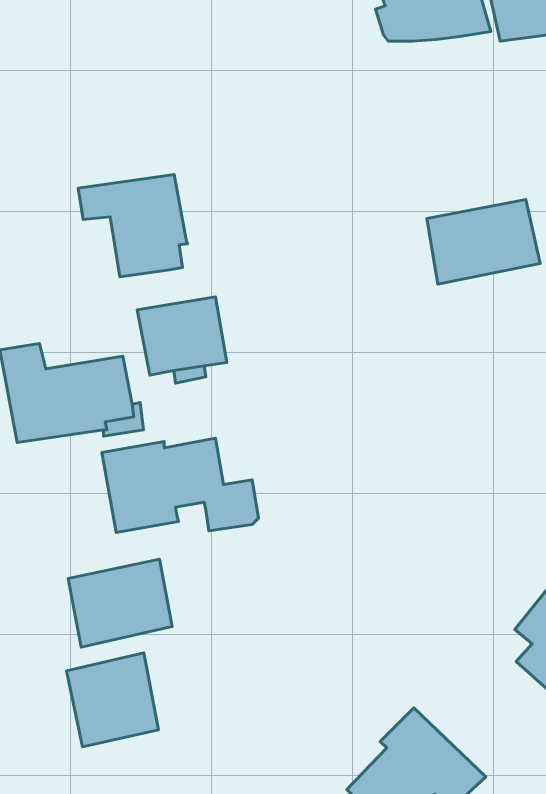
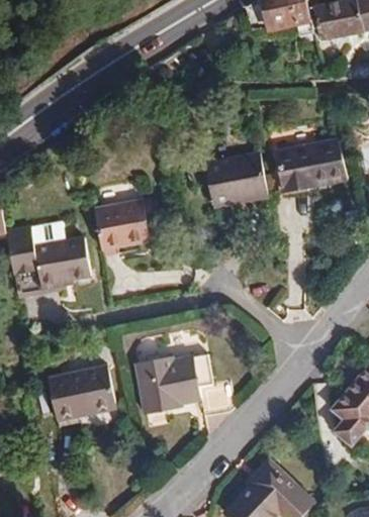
building: [78,174,187,277] -> none
building: none -> [206,151,268,207]
building: [102,438,259,533] -> [135,354,235,414]
building: [66,653,158,747] -> none

